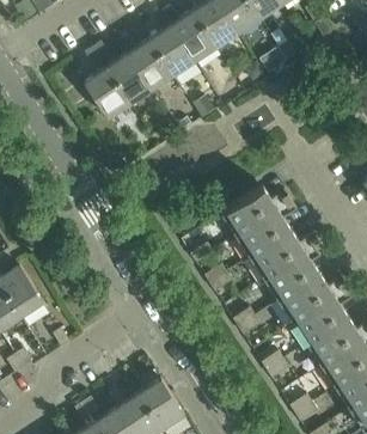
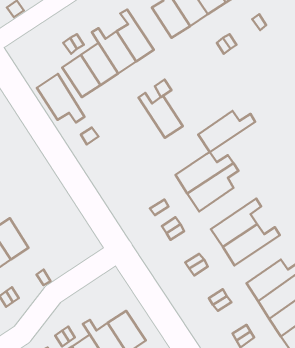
building: [161,7,215,62] -> [138,93,183,138]
building: none -> [37,74,84,123]
building: [249,230,318,280] -> [198,111,255,152]
building: [292,287,353,346] -> none

